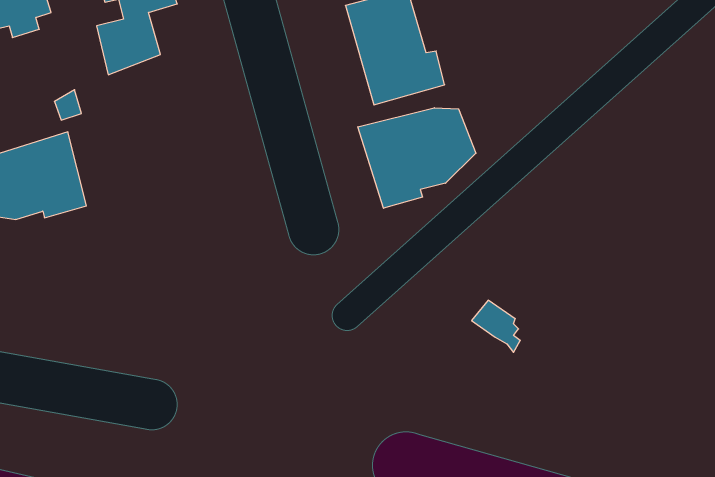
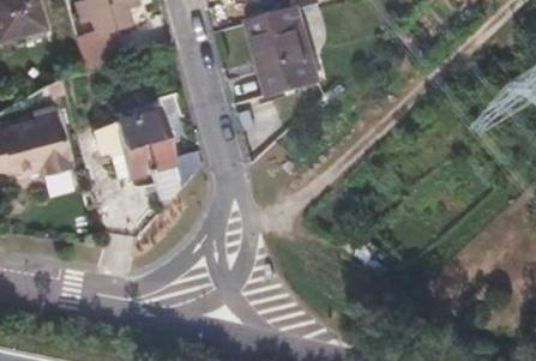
building: [358,108,476,208] -> none
building: none -> [96,108,176,173]

